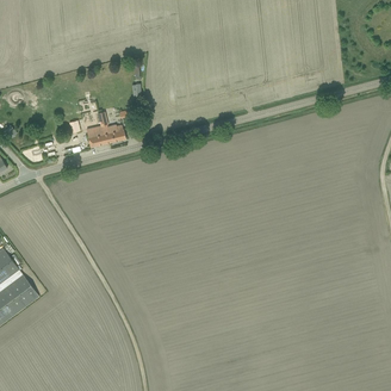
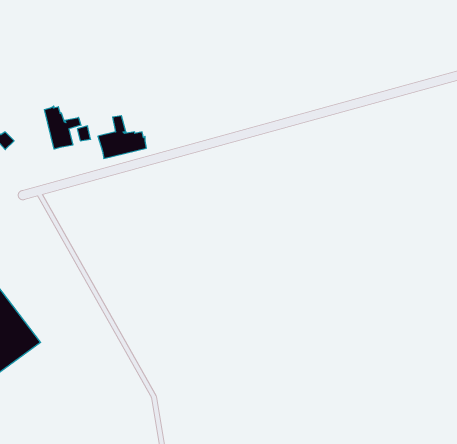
building: none -> [45,106,81,149]

